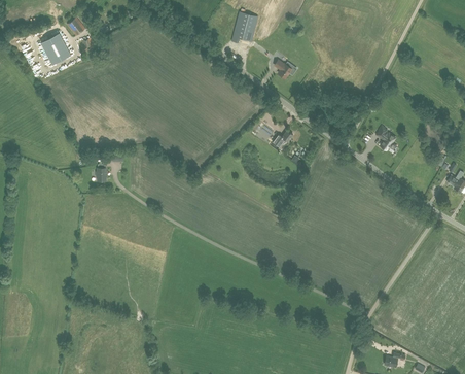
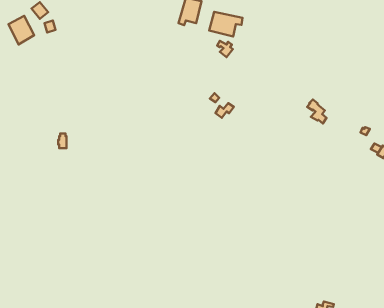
building: none -> [209,12,243,37]

